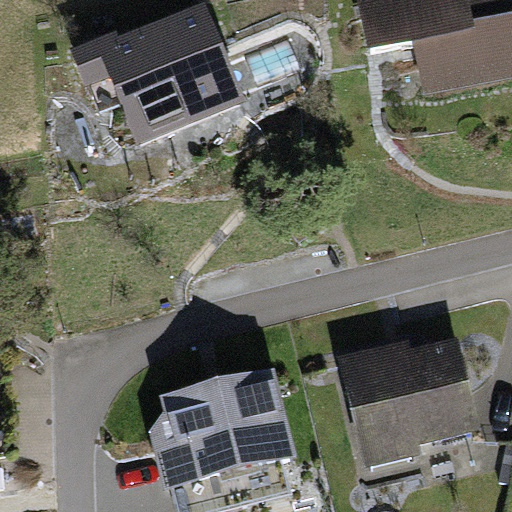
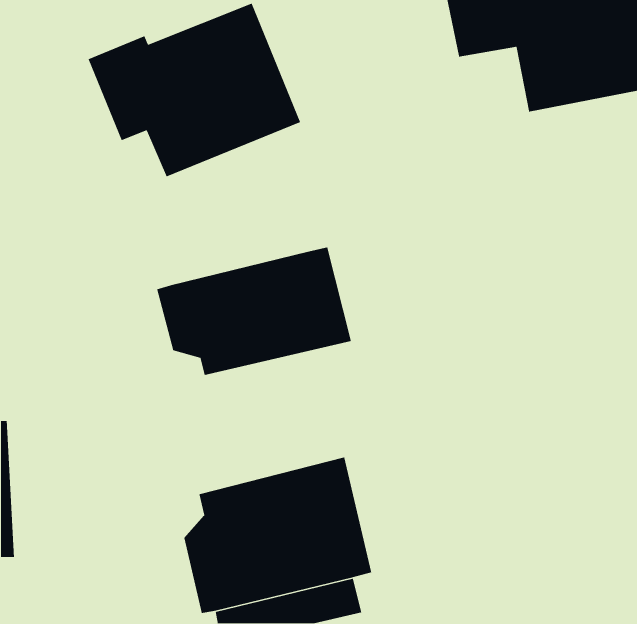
building: none -> [156,247,352,376]
building: [336,336,480,468] -> none

